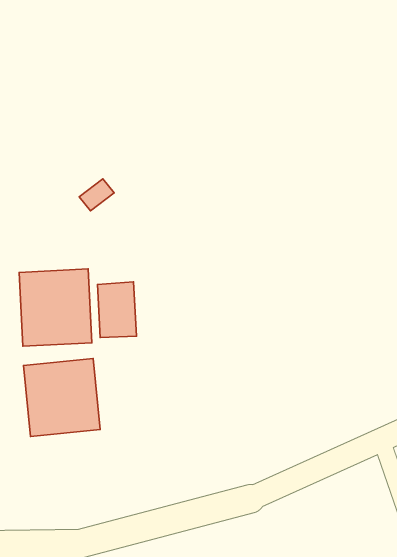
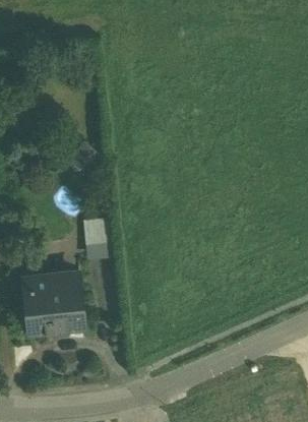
building: [19,269,92,346] -> none

